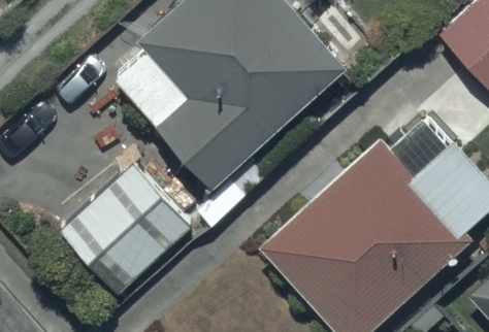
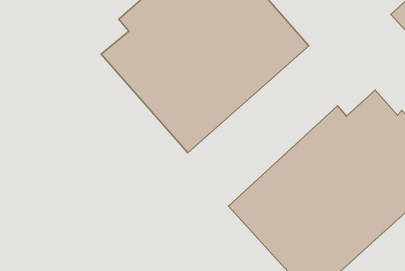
building: [60,164,193,296] -> none

